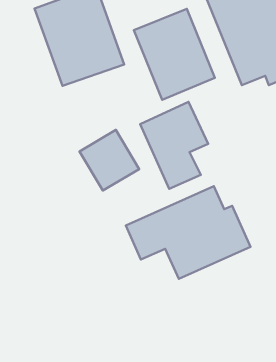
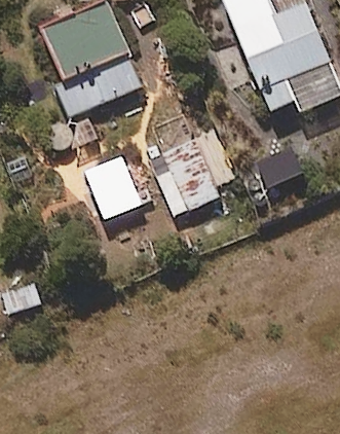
building: [134,9,215,100] -> none
building: [126,186,250,279] -> none

